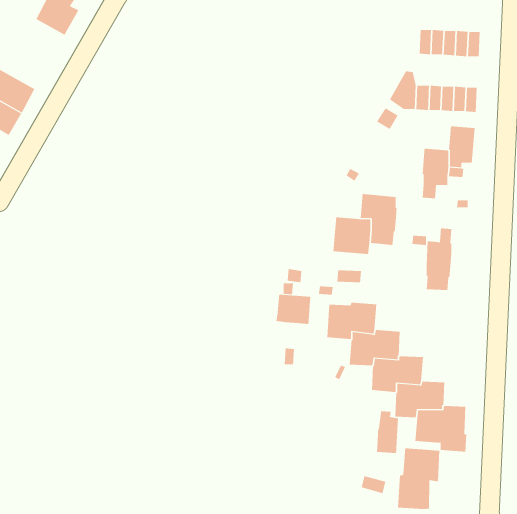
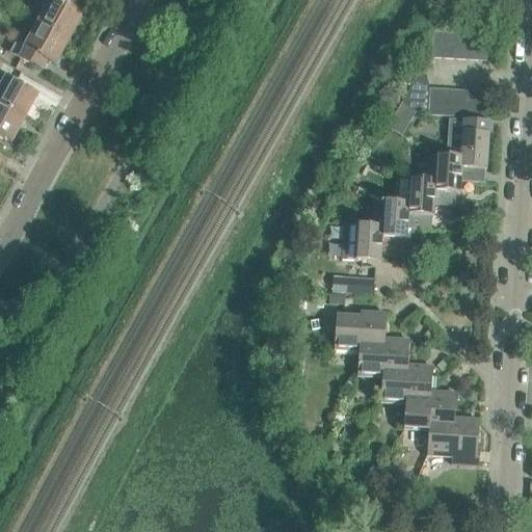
building: none -> [18,20,66,68]
building: [426,228,452,291] -> [406,163,433,228]
building: [276,294,311,325] -> none
building: [376,411,398,454] -> none
building: [398,447,440,510] -> none

